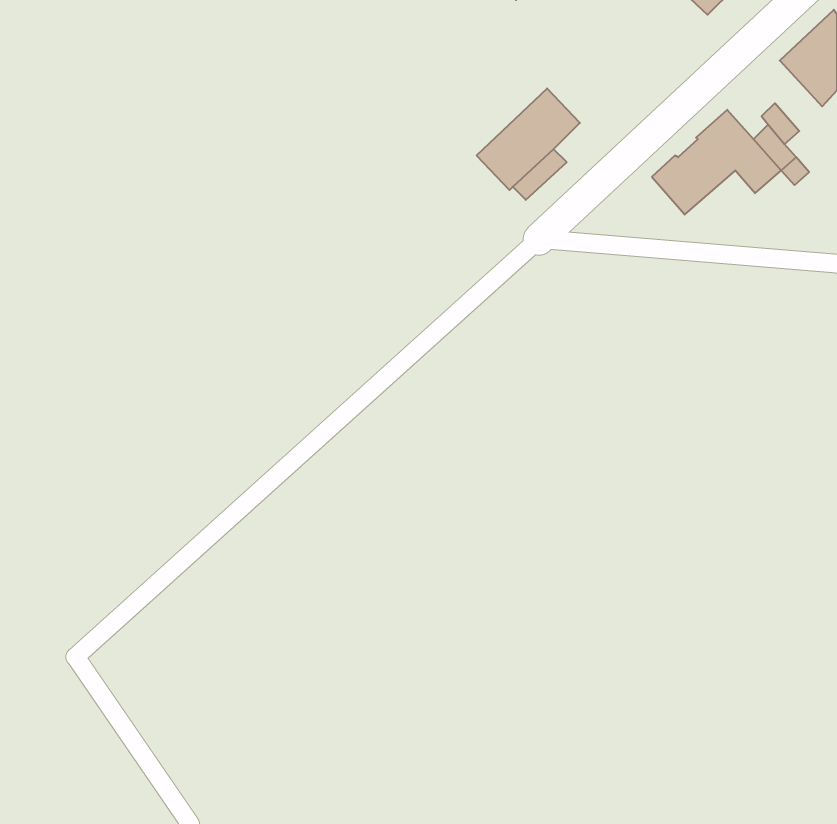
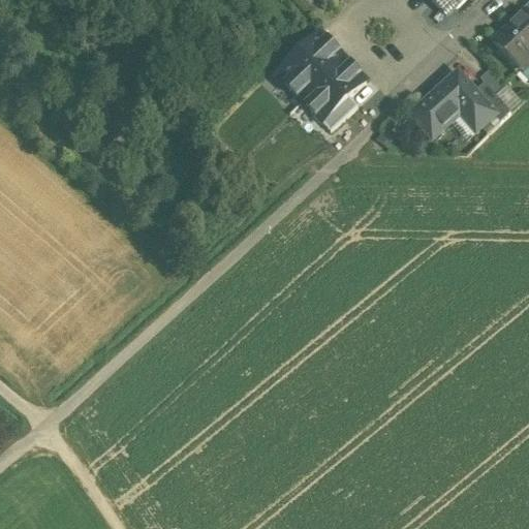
building: none -> [277,31,345,98]

